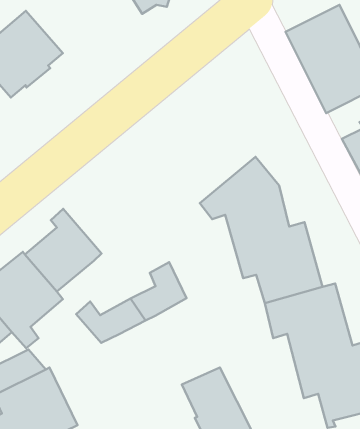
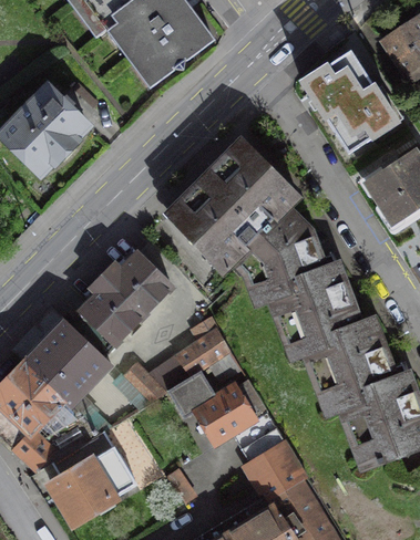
building: none -> [171,142,294,267]
building: none -> [102,252,172,314]
building: none -> [167,370,268,444]

